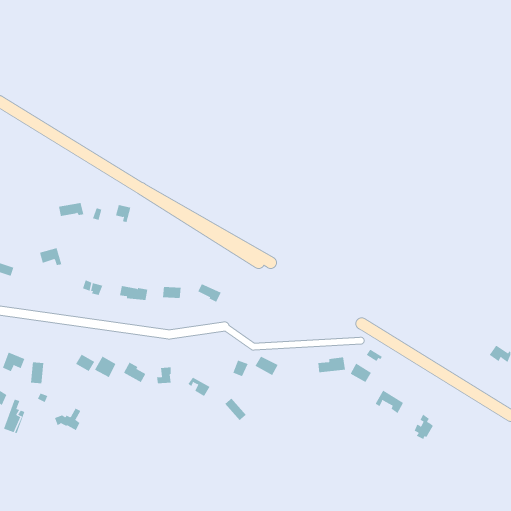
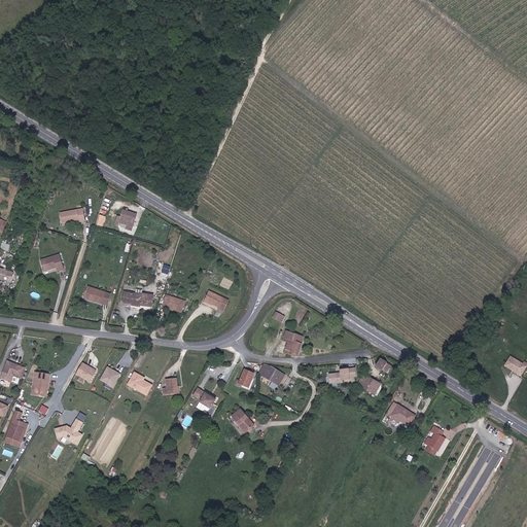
building: none -> [282,330,305,356]

